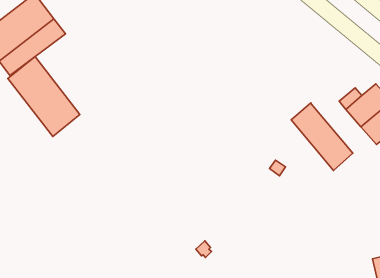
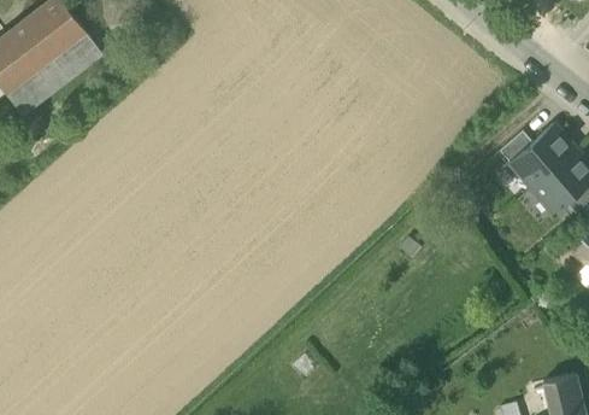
building: [8,57,80,137] -> none
building: [291,103,353,170] -> none

